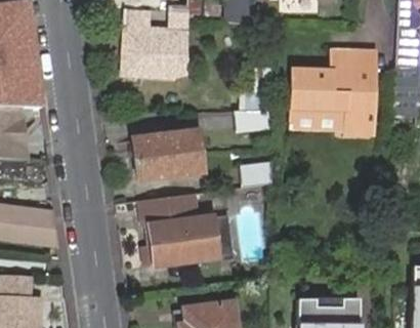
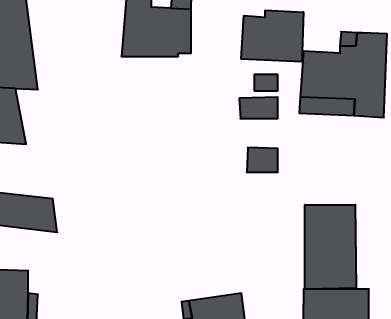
building: none -> [241,10,303,62]
building: [134,131,206,180] -> none
building: [142,193,235,262] -> none
building: none -> [305,205,356,289]

